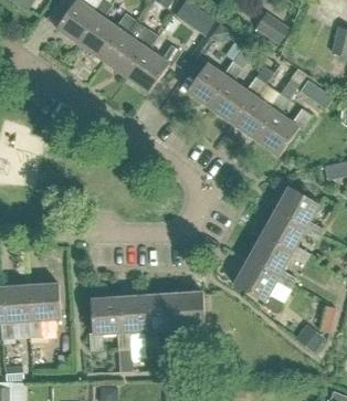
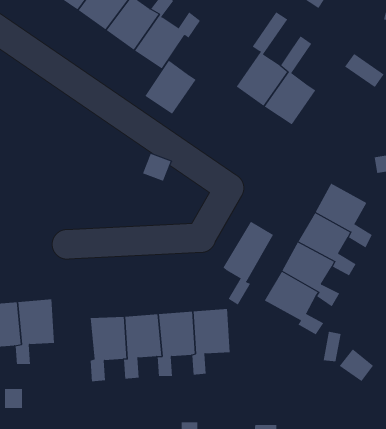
building: [187,61,230,106] -> [144,60,197,115]
building: [256,92,312,155] -> none
building: none -> [223,221,274,305]

